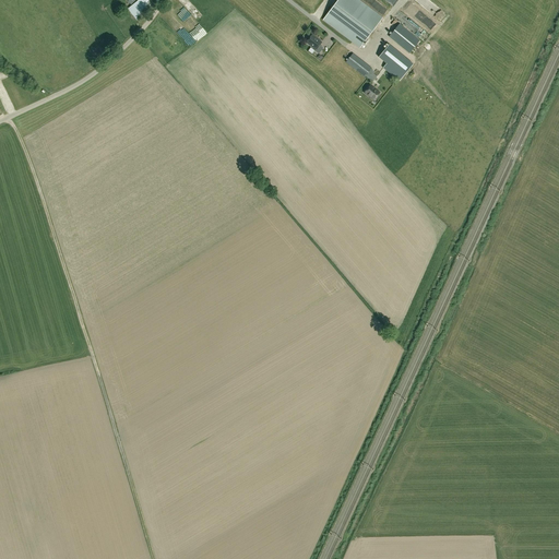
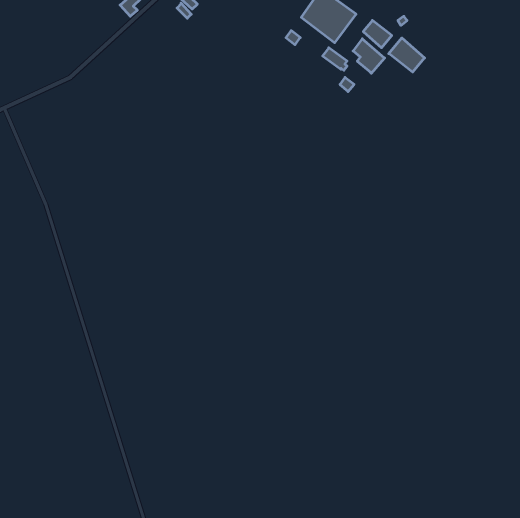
building: none -> [389,38,425,72]

